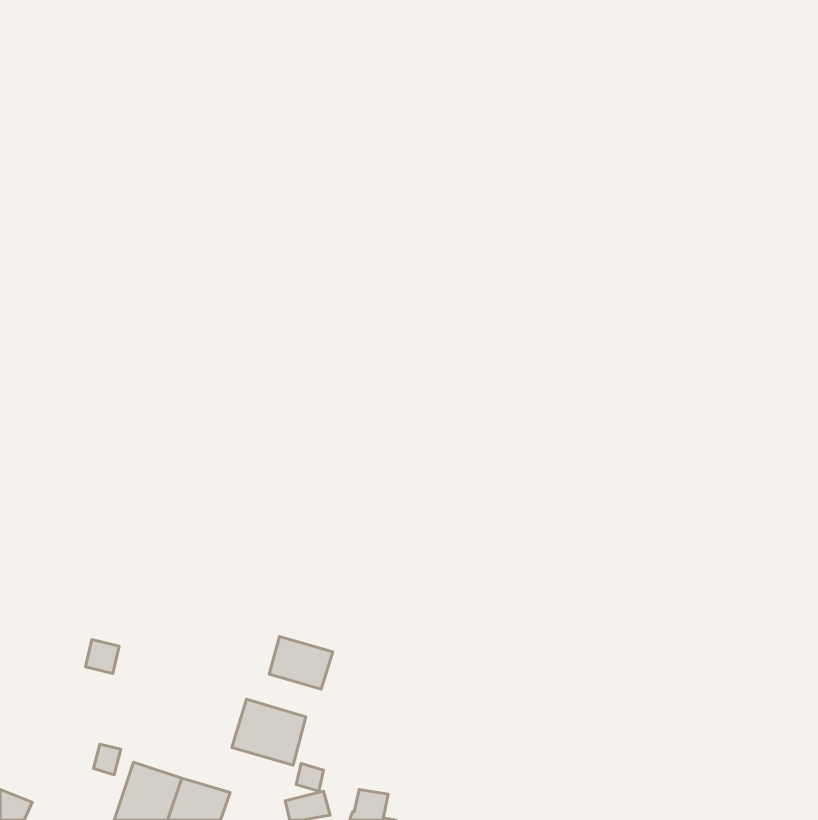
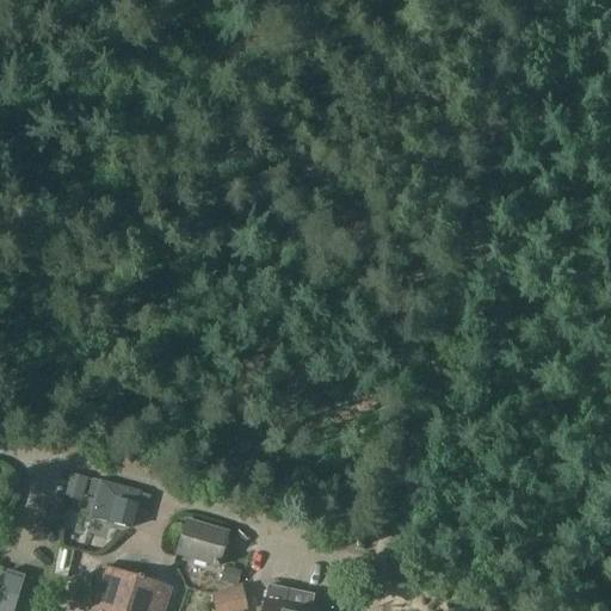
building: [269,636,333,689] -> none
building: none -> [92,481,152,526]

